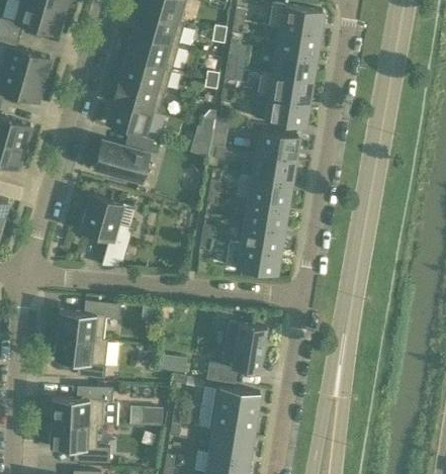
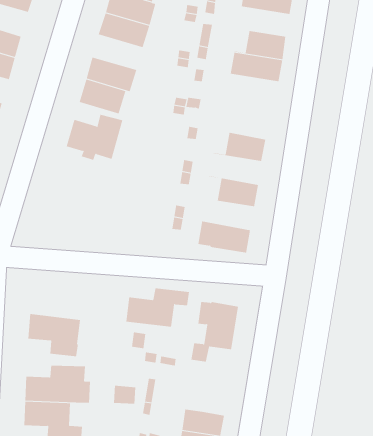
building: [270,27,320,58] -> none
building: [120,56,172,91] -> none
building: [259,95,308,127] -> none
building: [258,130,299,161] -> none
building: [238,175,291,206] -> none
building: [82,195,135,268] -> none
building: [231,222,284,252] -> none
building: [58,301,122,342] -> [125,288,190,328]
building: [210,387,261,438] -> none

